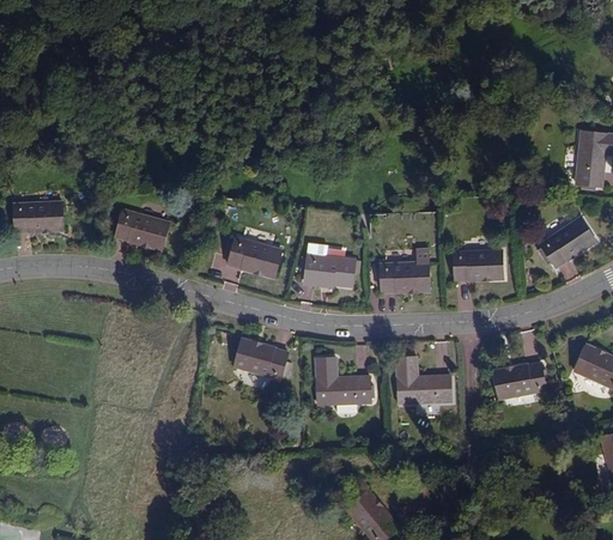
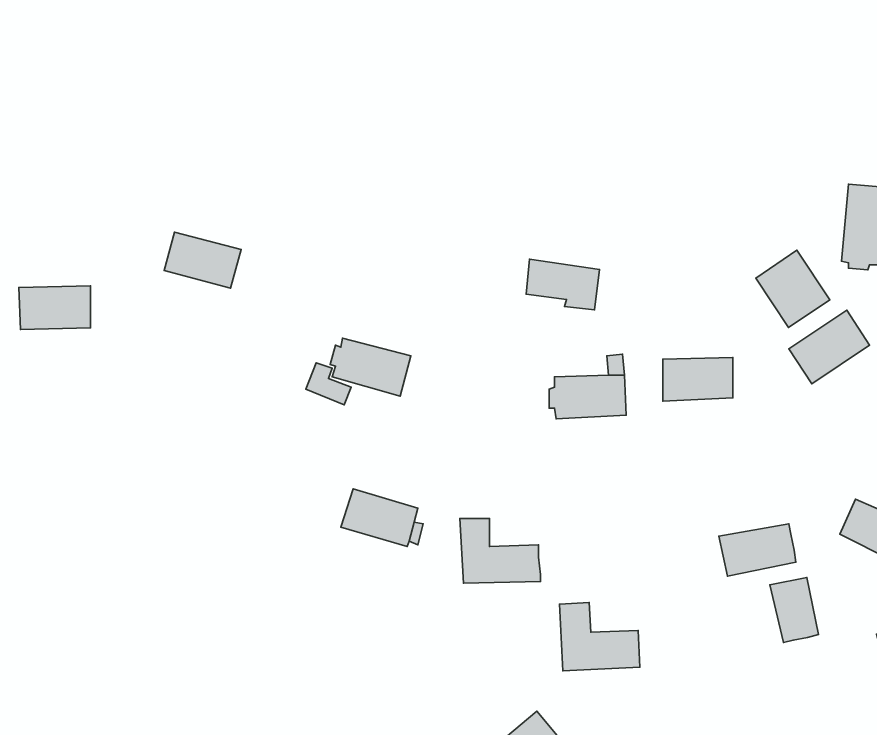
building: none -> [756,250,830,328]
building: [116,208,169,247] -> [164,232,241,288]
building: [305,251,356,286] -> [526,259,600,310]
building: [396,357,451,404] -> [559,602,640,671]
building: none -> [770,577,819,642]

